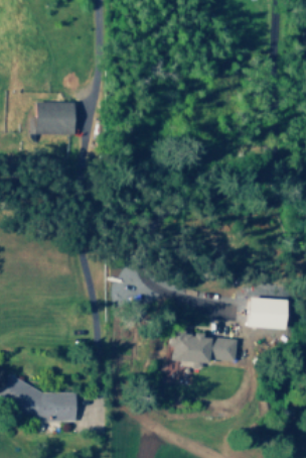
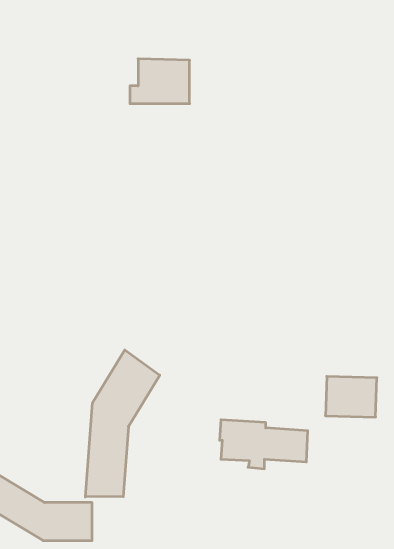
building: [31,101,75,134] -> [130,59,190,104]
building: none -> [85,350,160,497]

